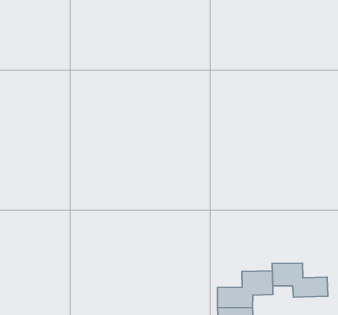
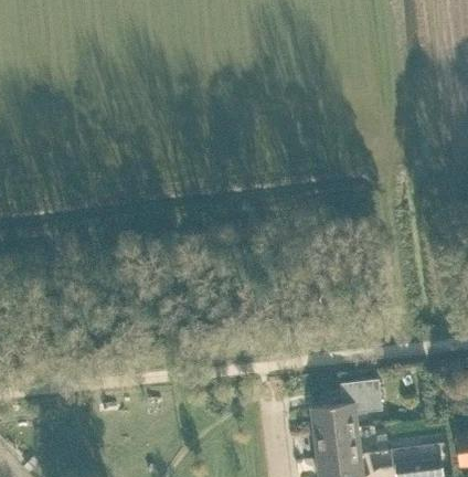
building: [272,263,328,297] -> none

